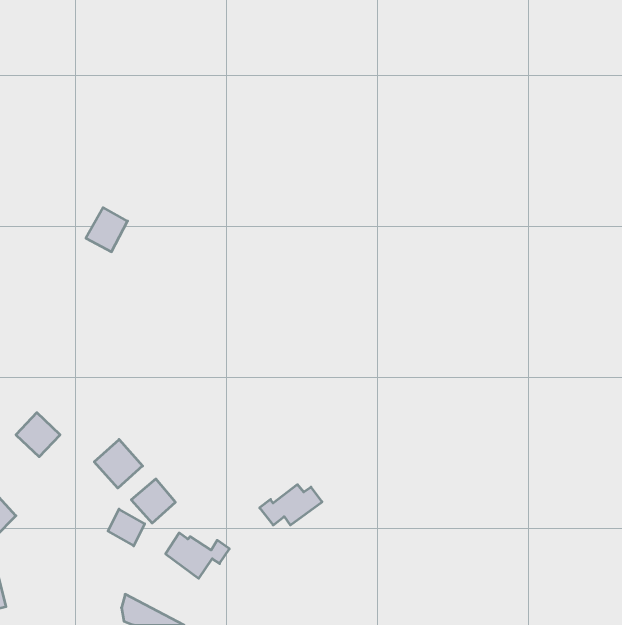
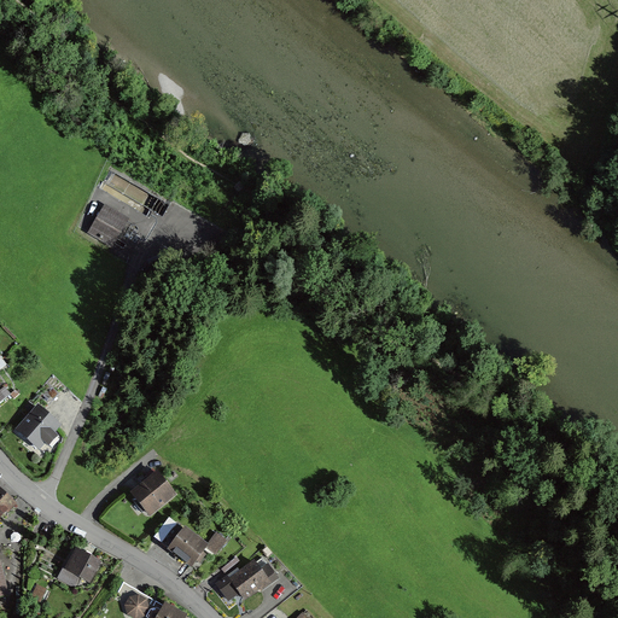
building: [94,439,143,488] -> none
building: [260,485,322,525] -> [215,561,276,601]
building: [108,509,145,546] -> [62,548,98,584]

